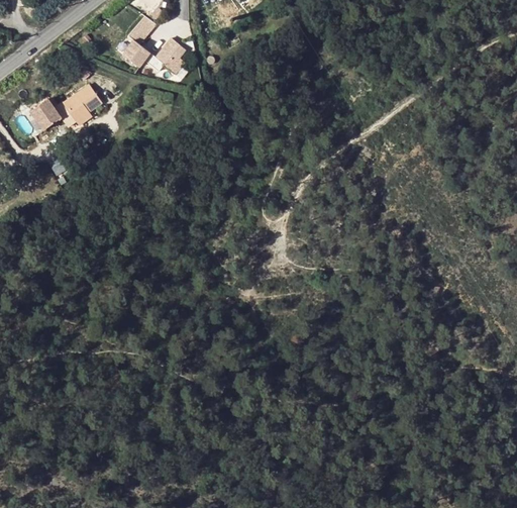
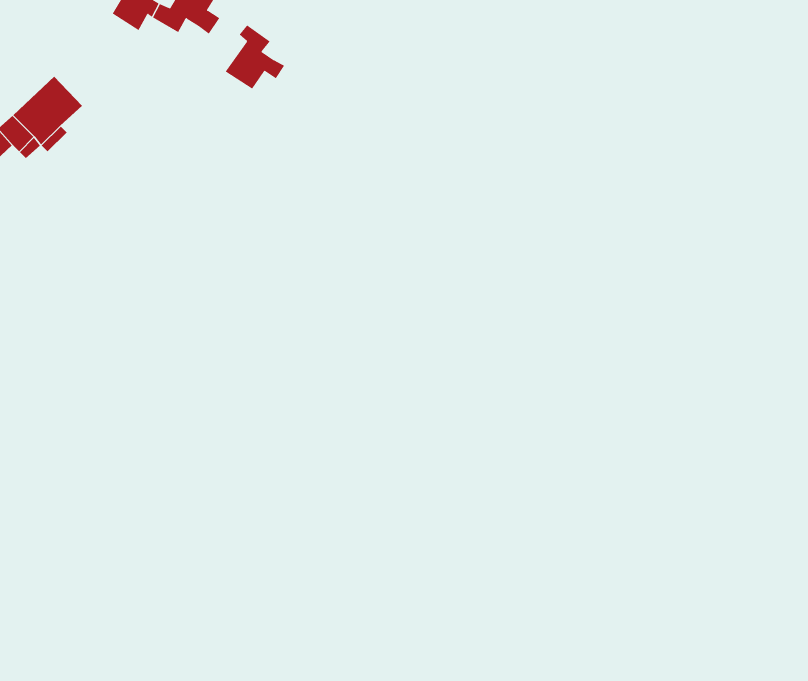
building: none -> [225,24,285,90]

